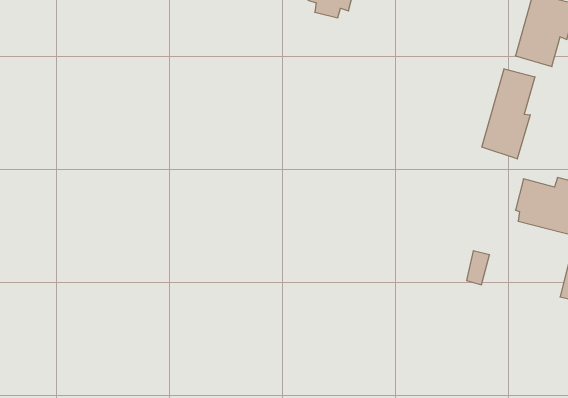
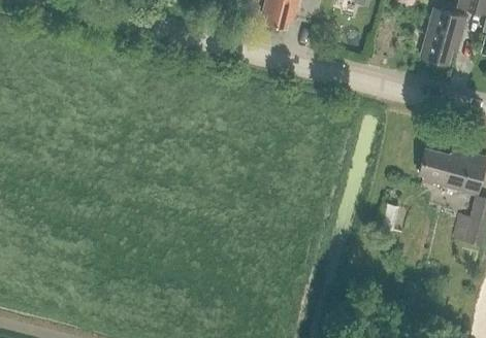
building: [482,69,535,159] -> none

